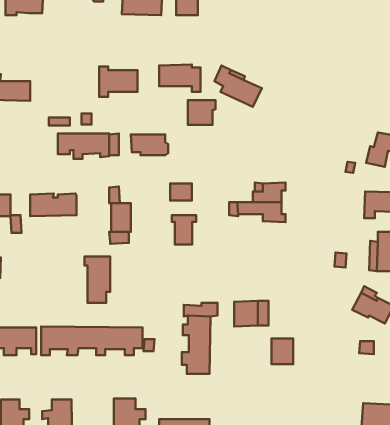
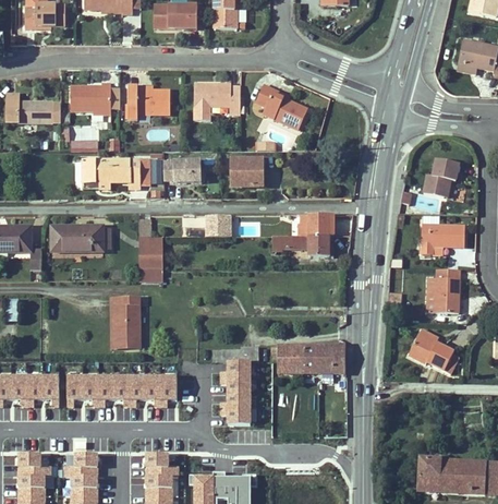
building: none -> [70,83,110,110]
building: [188,100,216,125] -> [231,159,262,187]
building: [172,215,196,244] -> none
building: [272,338,293,364] -> [321,345,345,373]

